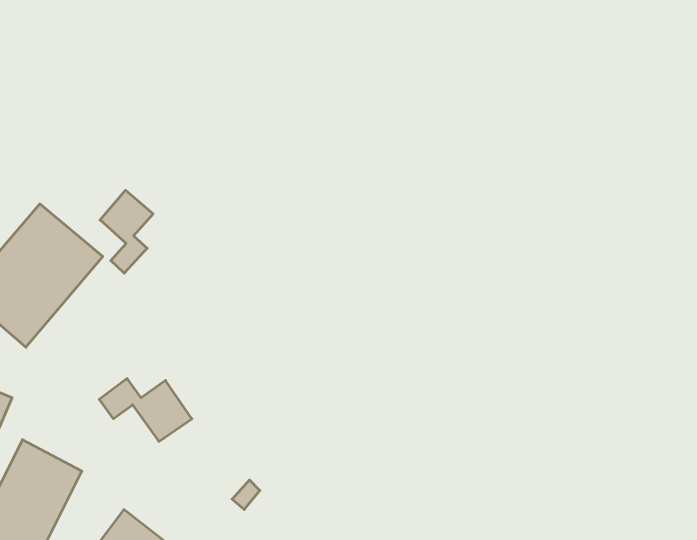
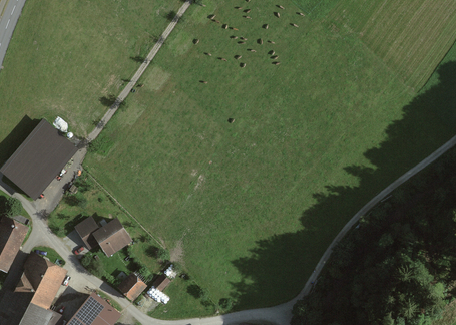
building: [100,190,153,273] -> none
building: none -> [118,275,145,302]

